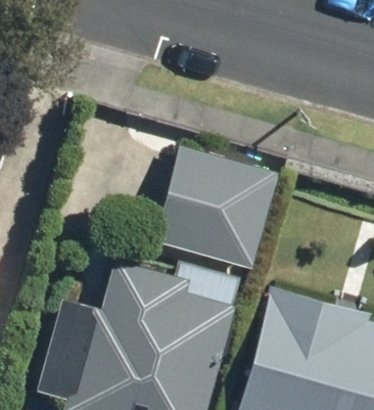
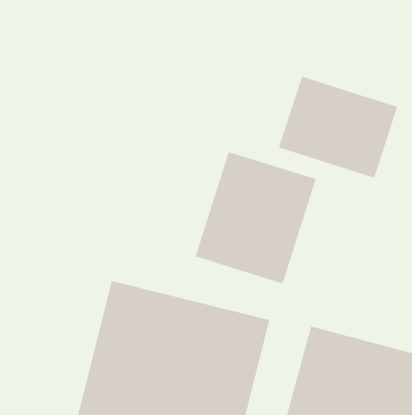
building: none -> [278,76,398,179]

